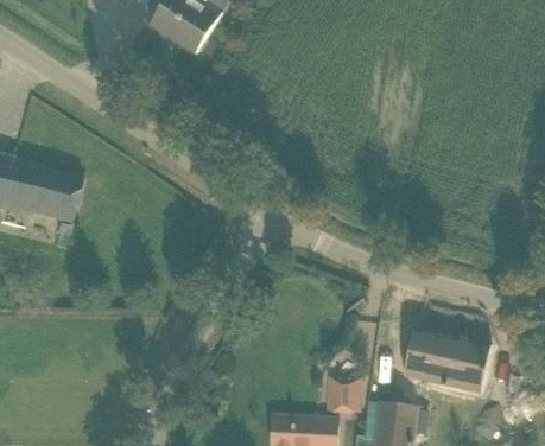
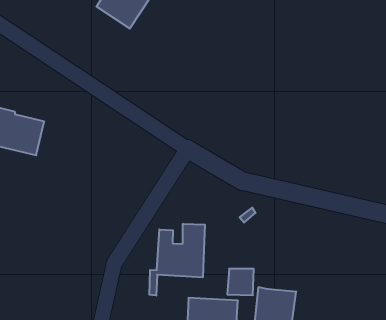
building: none -> [149,224,205,296]
building: [403,326,489,393] -> none

